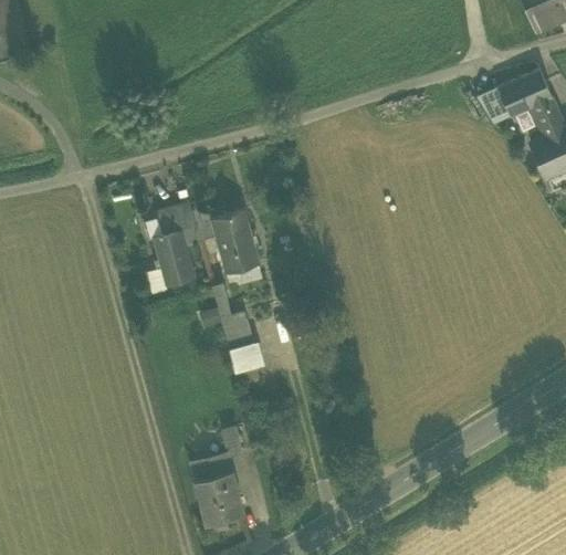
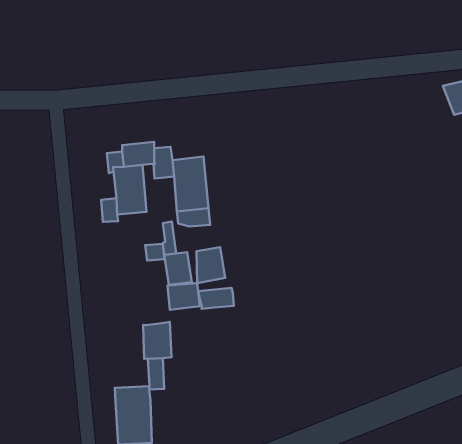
building: none -> [197,247,225,283]
building: none -> [198,288,234,309]
building: none -> [143,322,171,359]

